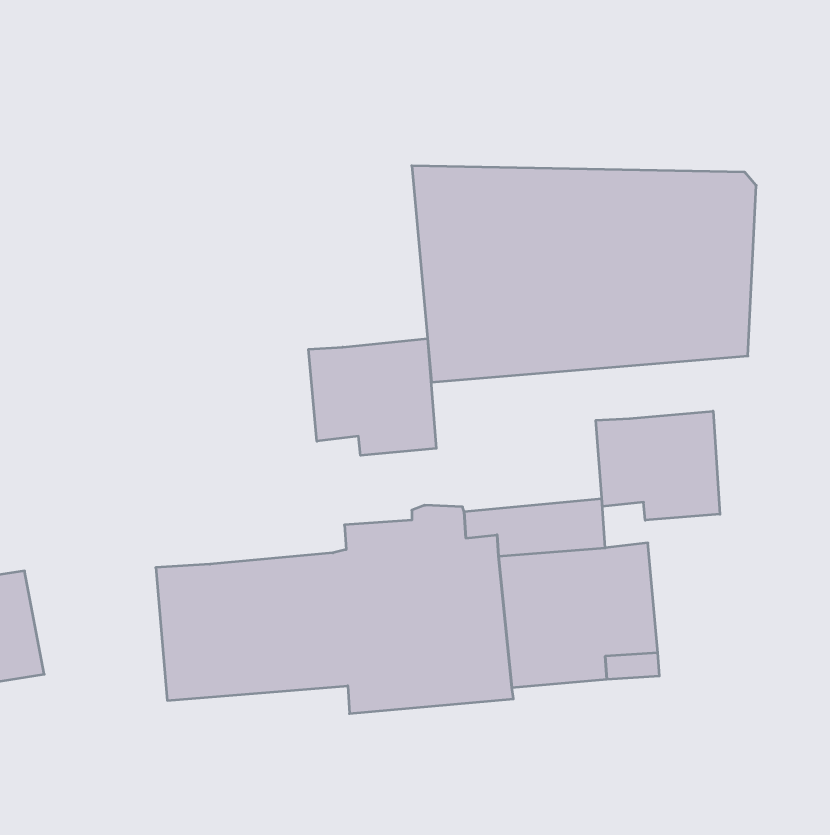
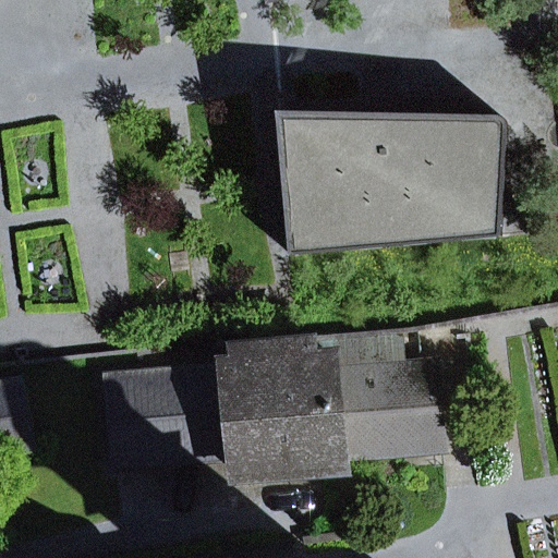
building: [309,338,436,455] -> none
building: [596,411,720,520] -> none

